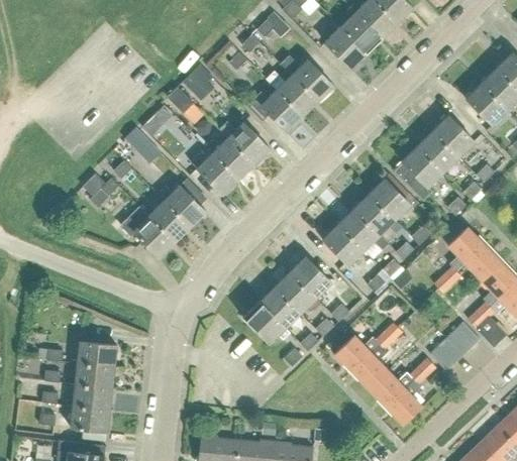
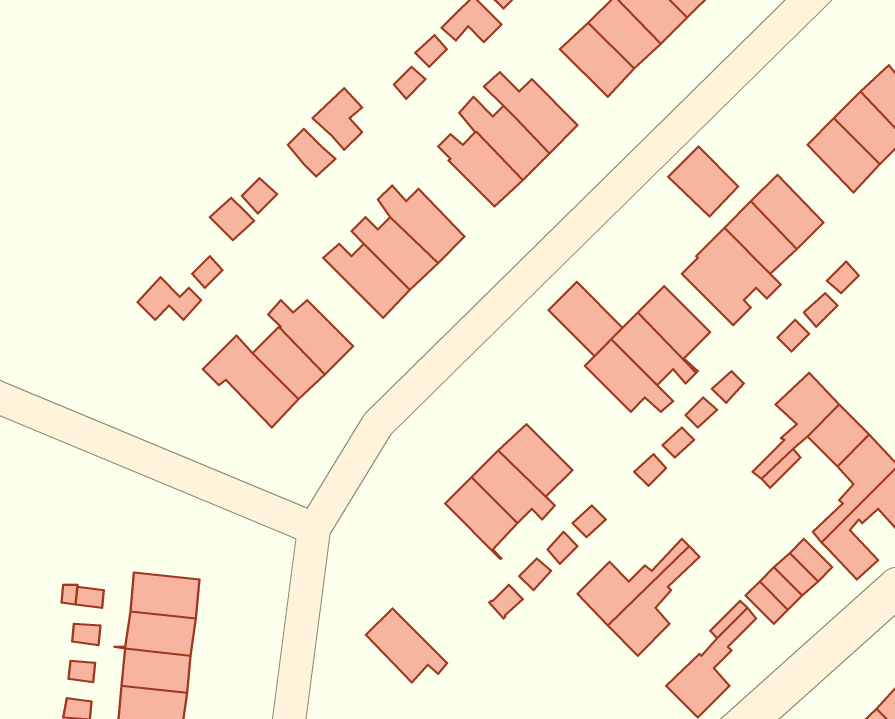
building: none -> [668,147,738,216]
building: [322,223,365,265] -> [548,282,623,356]
building: [243,302,290,344] -> [366,608,447,683]
building: [369,370,404,406] -> none

